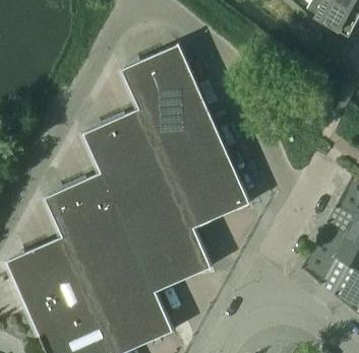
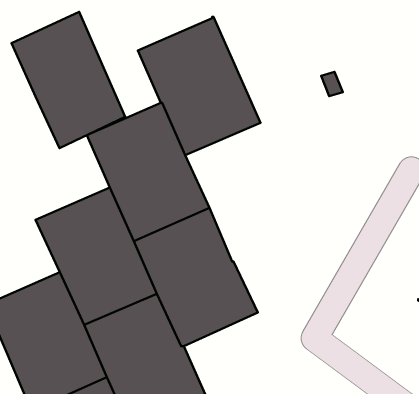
building: none -> [12,12,125,148]
building: [158,123,250,227] -> none

